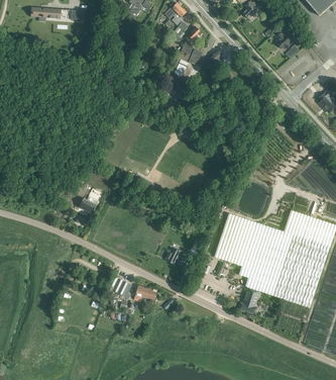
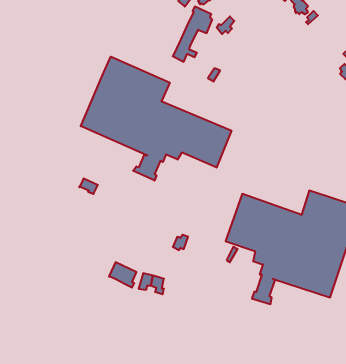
building: none -> [81,57,231,181]

